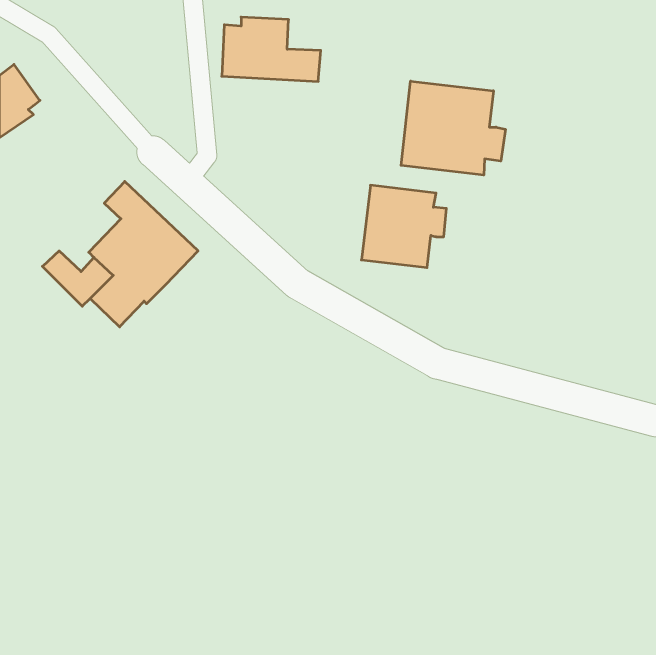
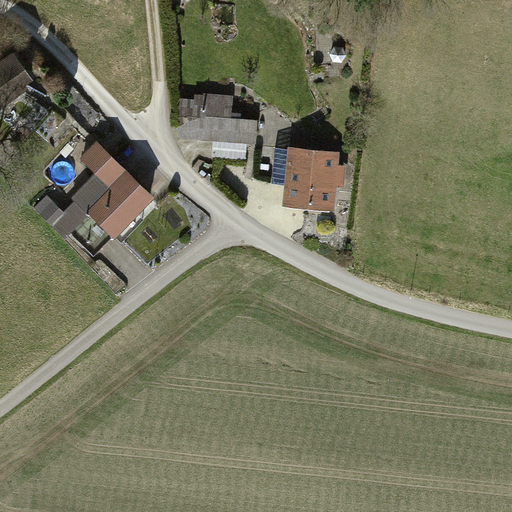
building: [222,17,321,81] -> [180,93,257,143]
building: [401,81,505,175] -> none

